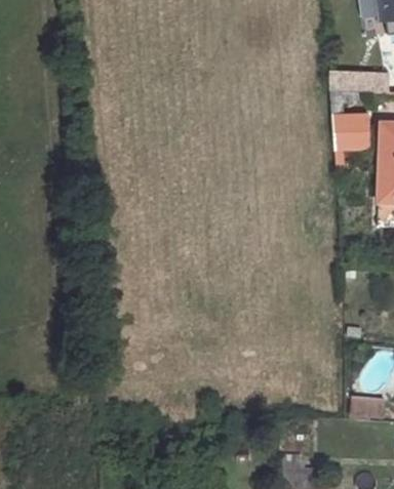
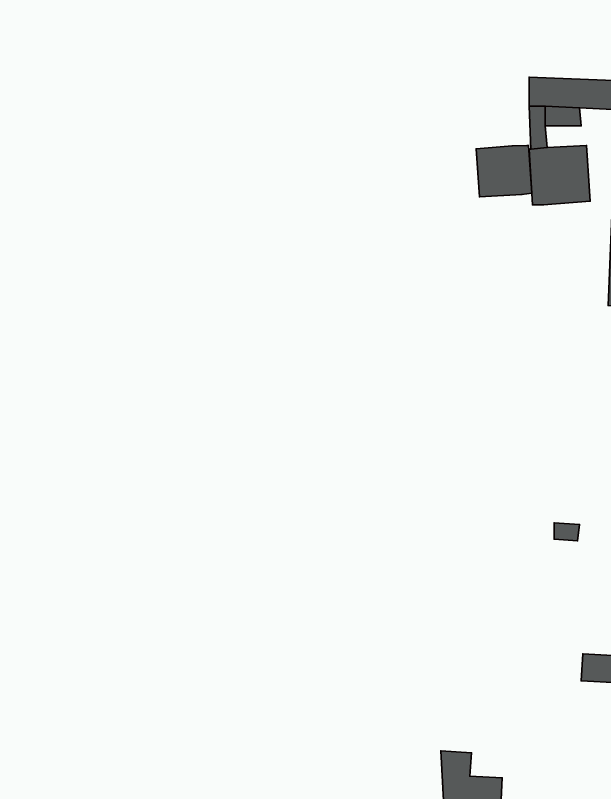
building: none -> [476,145,532,197]

